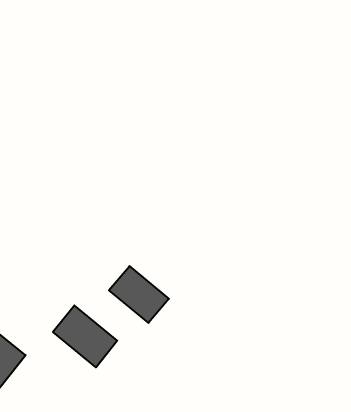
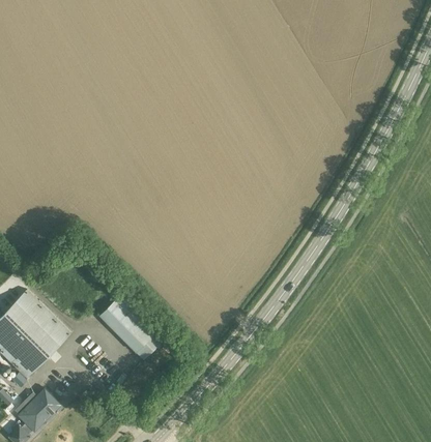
building: [109,266,169,323] -> none

